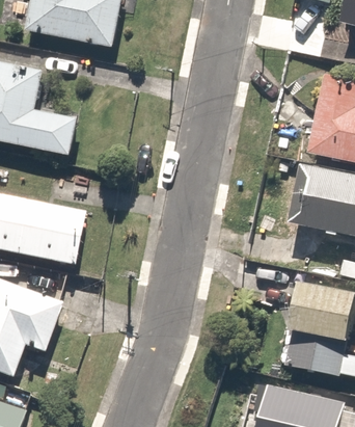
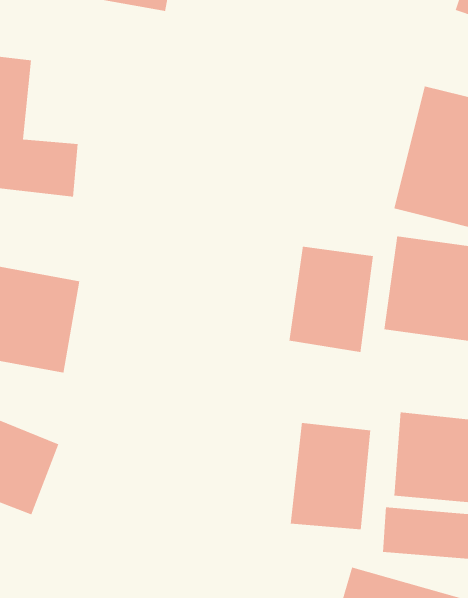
building: none -> [289,246,374,353]
building: none -> [290,422,371,530]

